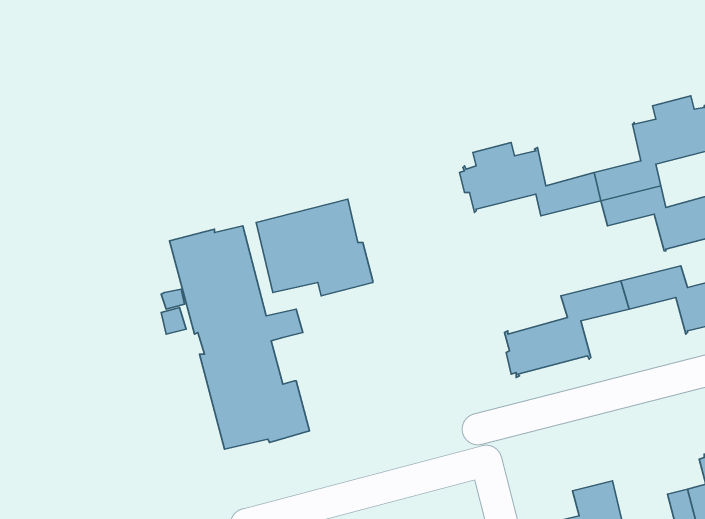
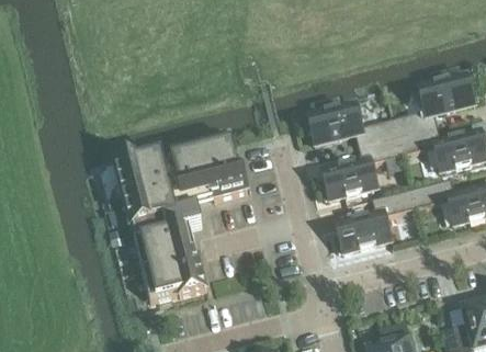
building: none -> [321,137,406,200]

